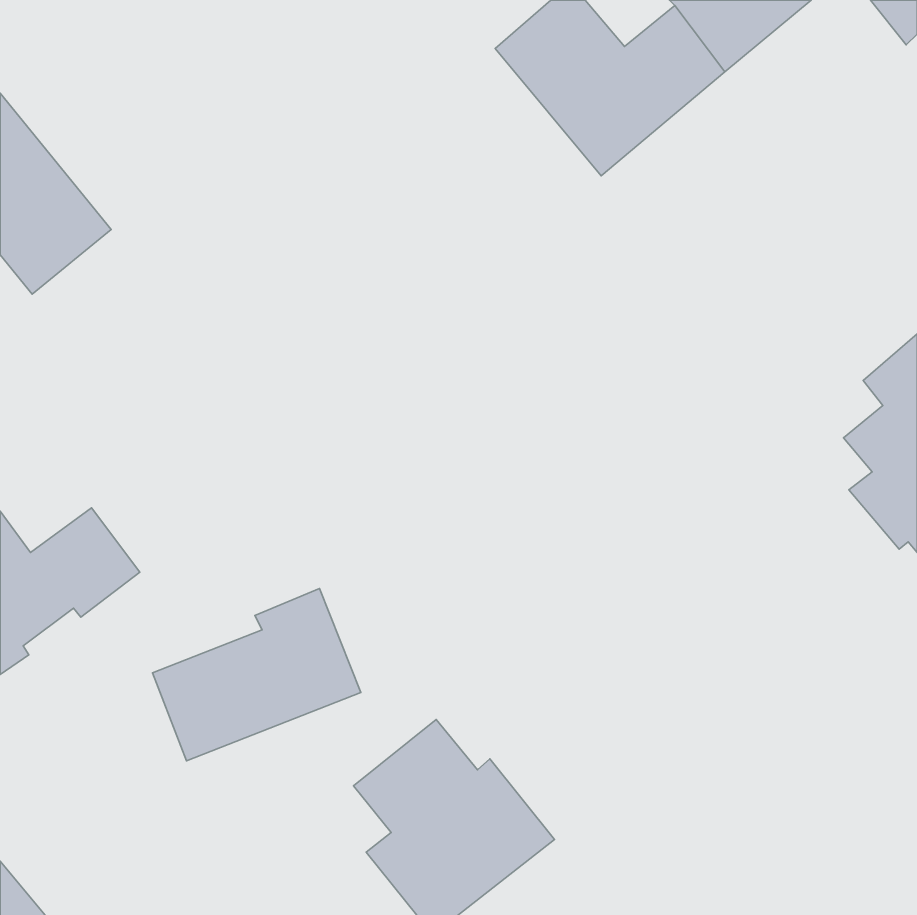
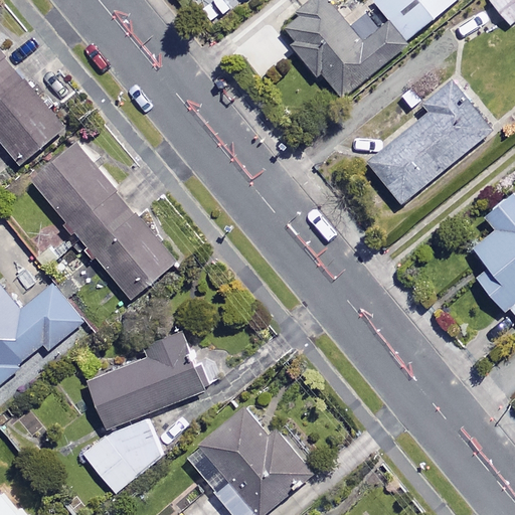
building: none -> [367,81,488,203]
building: none -> [30,144,176,300]
building: none -> [84,413,169,493]

